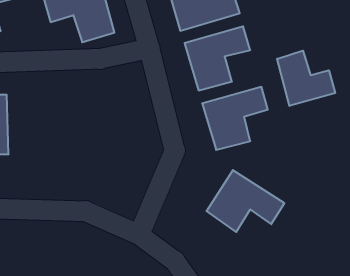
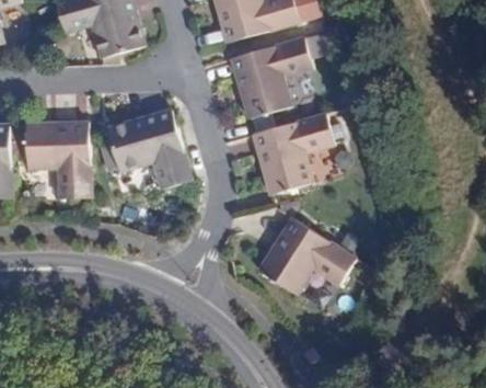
building: [277,51,335,106] -> none
building: none -> [108,110,190,189]
building: none -> [25,122,90,198]

